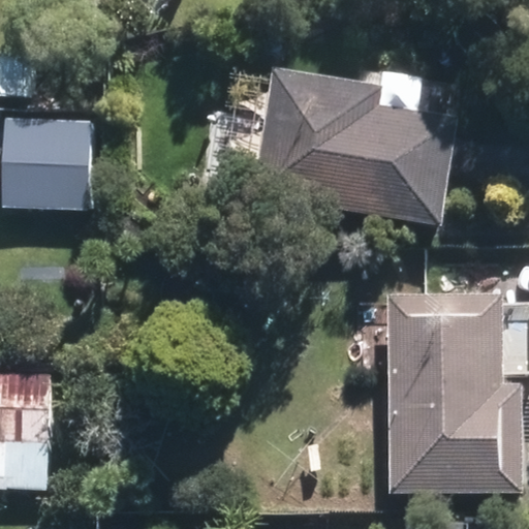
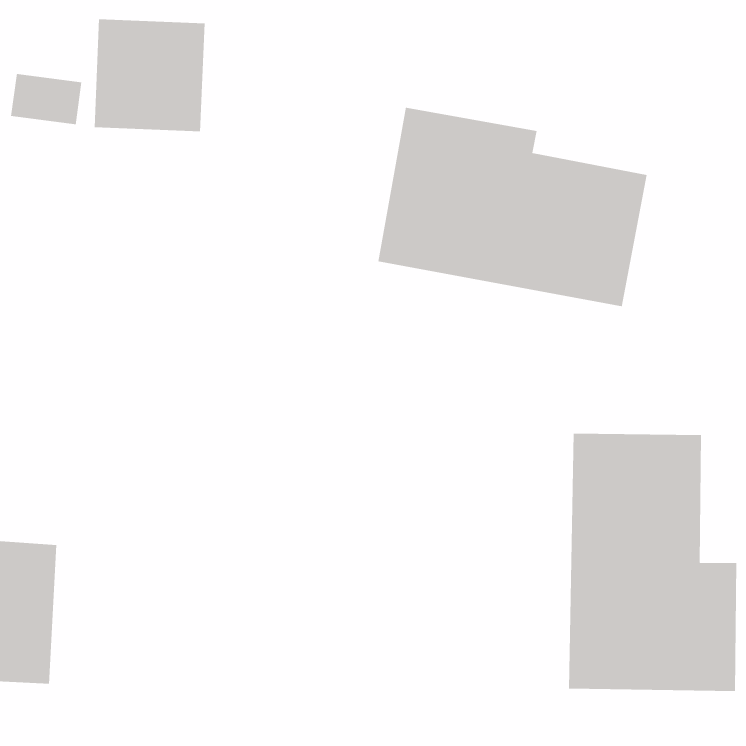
building: [9,123,88,203] -> [94,19,205,132]

